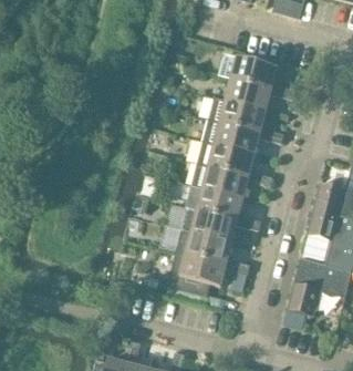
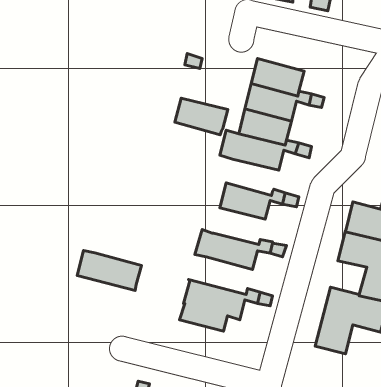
building: [208,145,255,177] -> [175,98,228,135]
building: [197,188,242,220] -> none
building: [175,229,231,265] -> [77,250,141,291]

